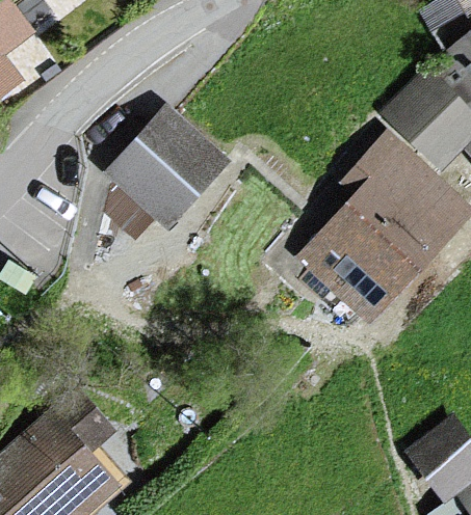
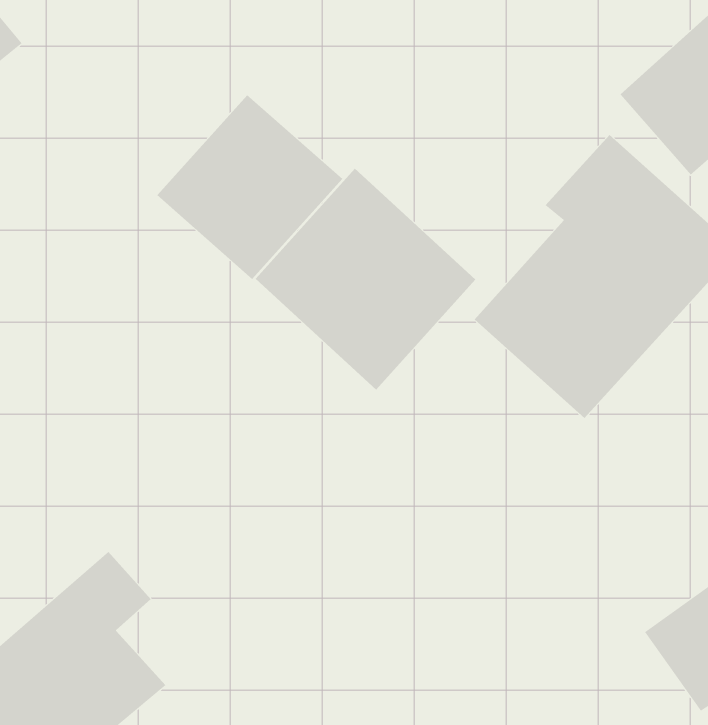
building: none -> [255,168,476,391]

